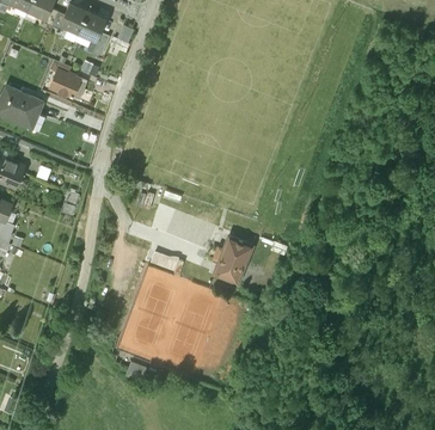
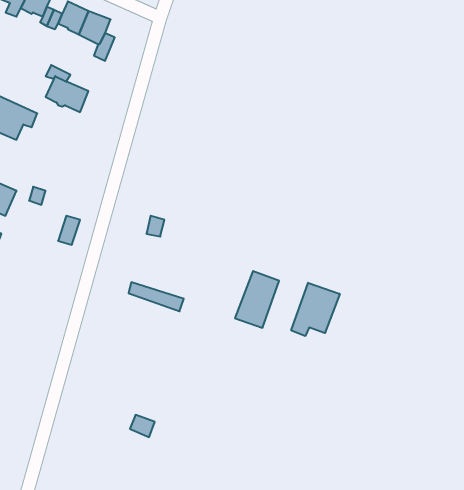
building: none -> [291,283,340,336]

